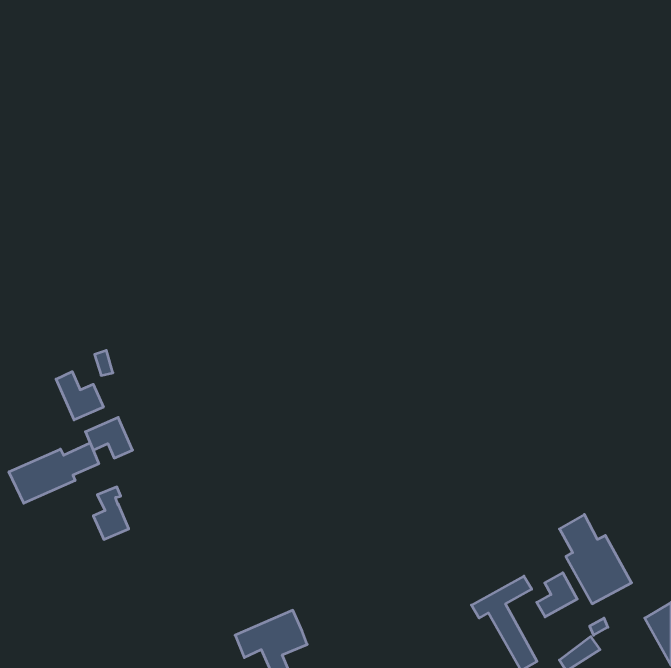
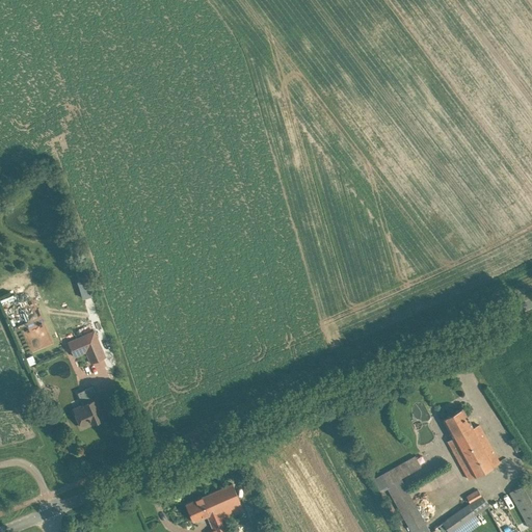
building: [56,372,103,420] -> none
building: [9,443,99,503] -> none
building: [537,573,577,617] -> none

